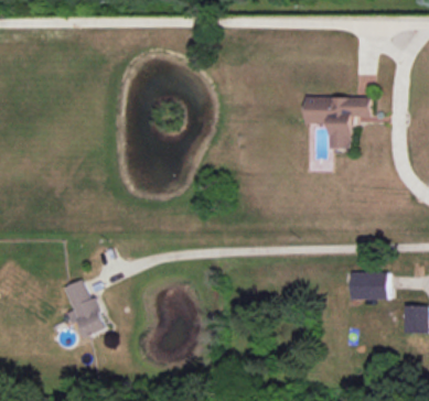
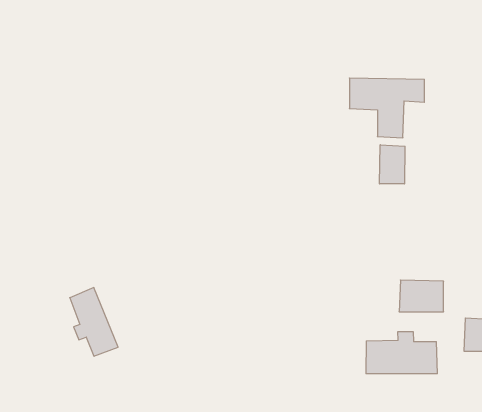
building: none -> [380,145,405,184]
building: none -> [366,332,437,374]

